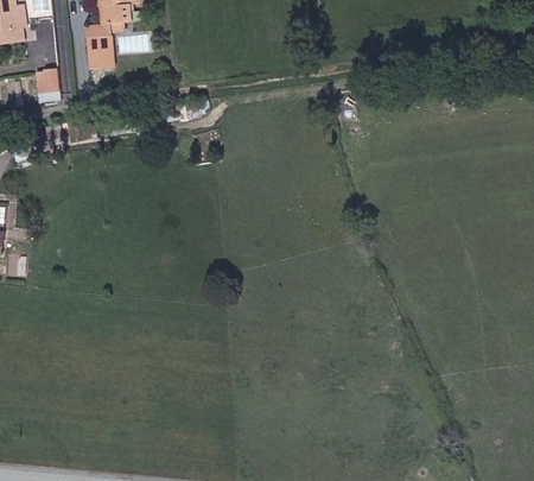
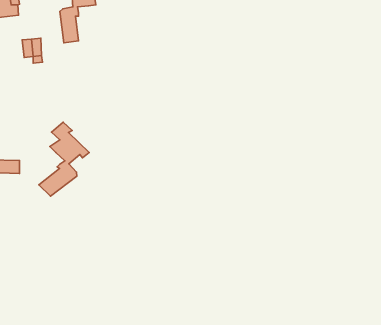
building: none -> [39,122,89,196]

